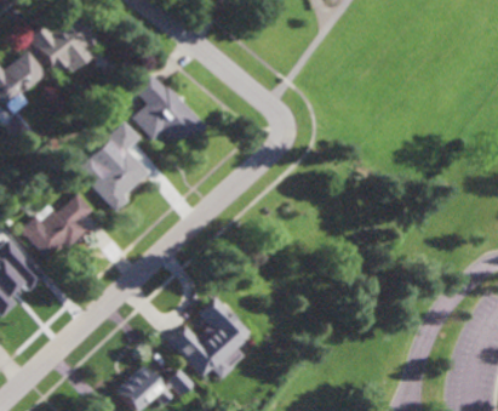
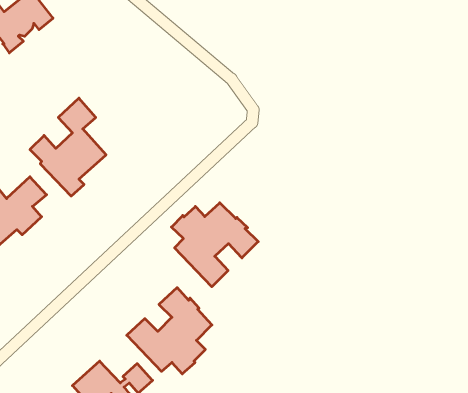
building: [132,72,207,149] -> none
building: none -> [171,203,258,287]

